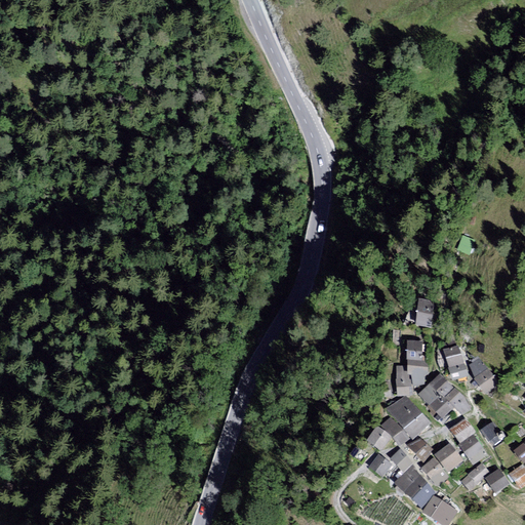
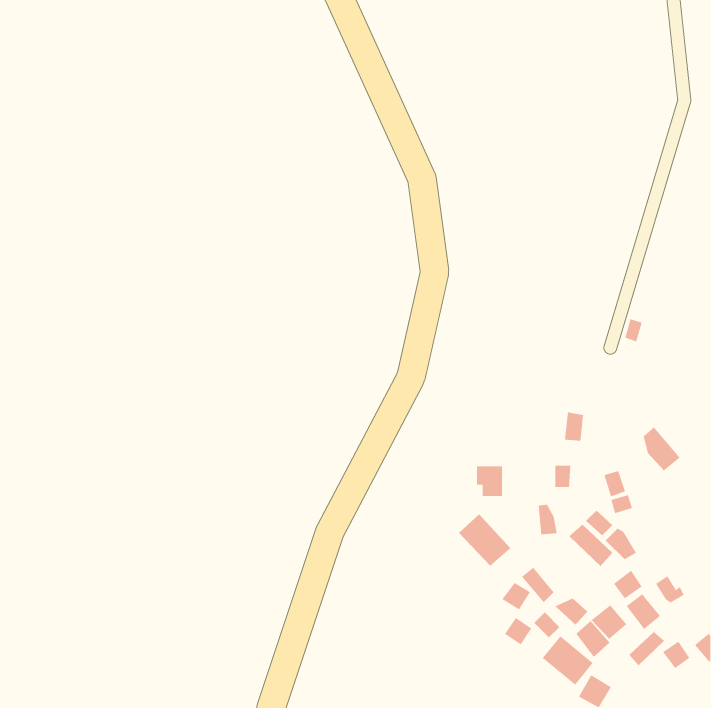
building: [406,359,426,381] -> [476,466,503,496]
building: [469,359,496,392] -> [643,427,681,471]
building: [389,396,428,435] -> [458,513,511,566]

